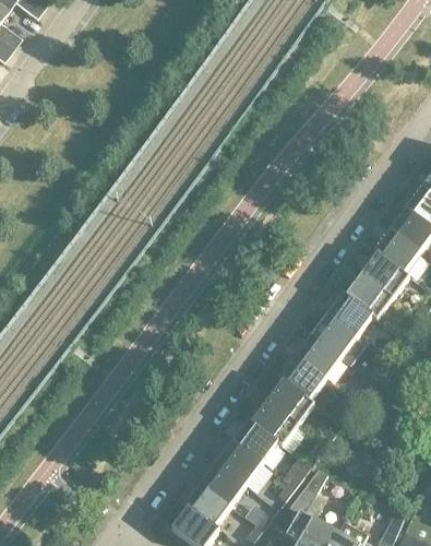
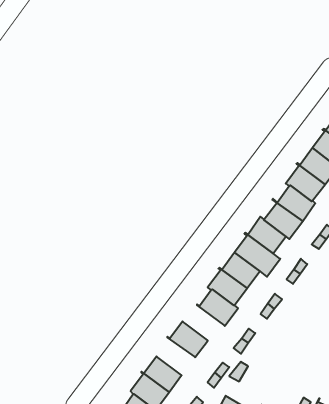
building: [251,400,298,447] -> none
building: [215,439,262,485] -> none

